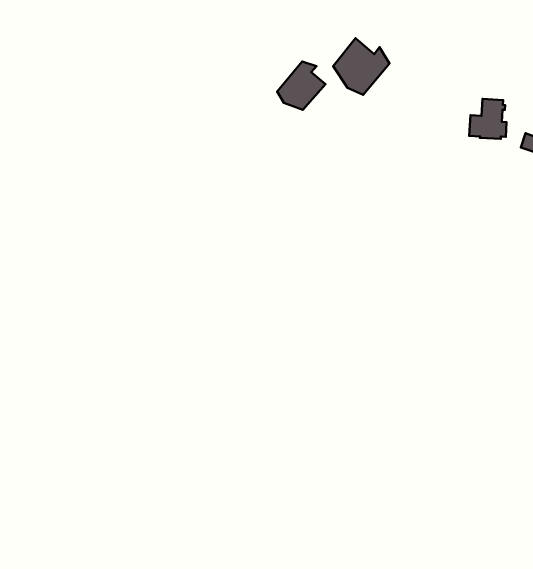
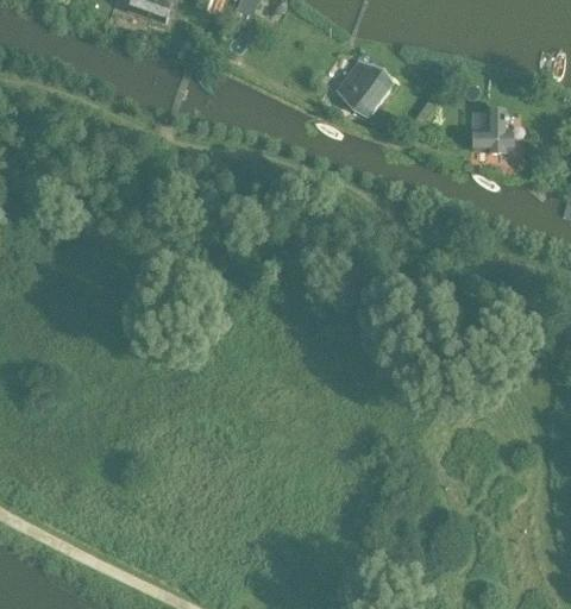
building: [277,62,325,110] -> none

